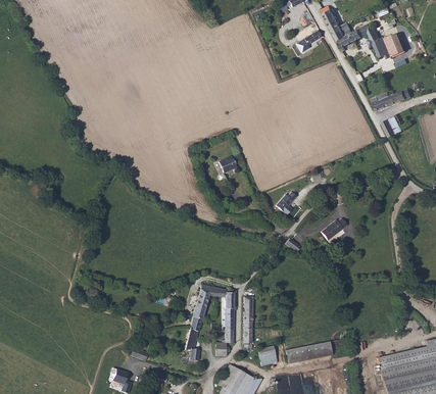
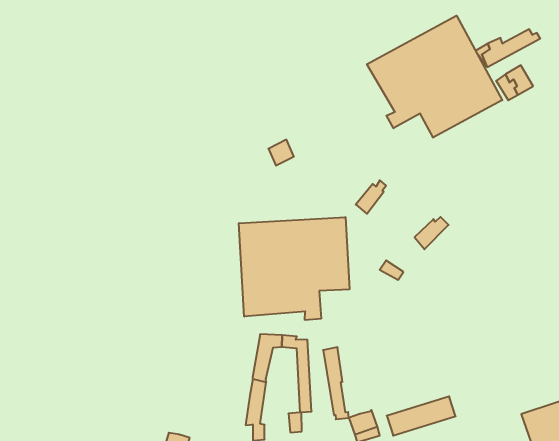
building: none -> [367,16,502,138]
building: none -> [239,217,349,320]

